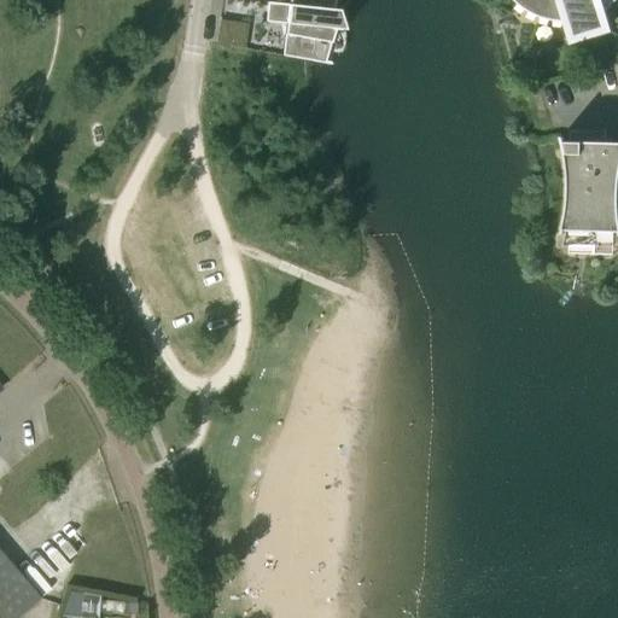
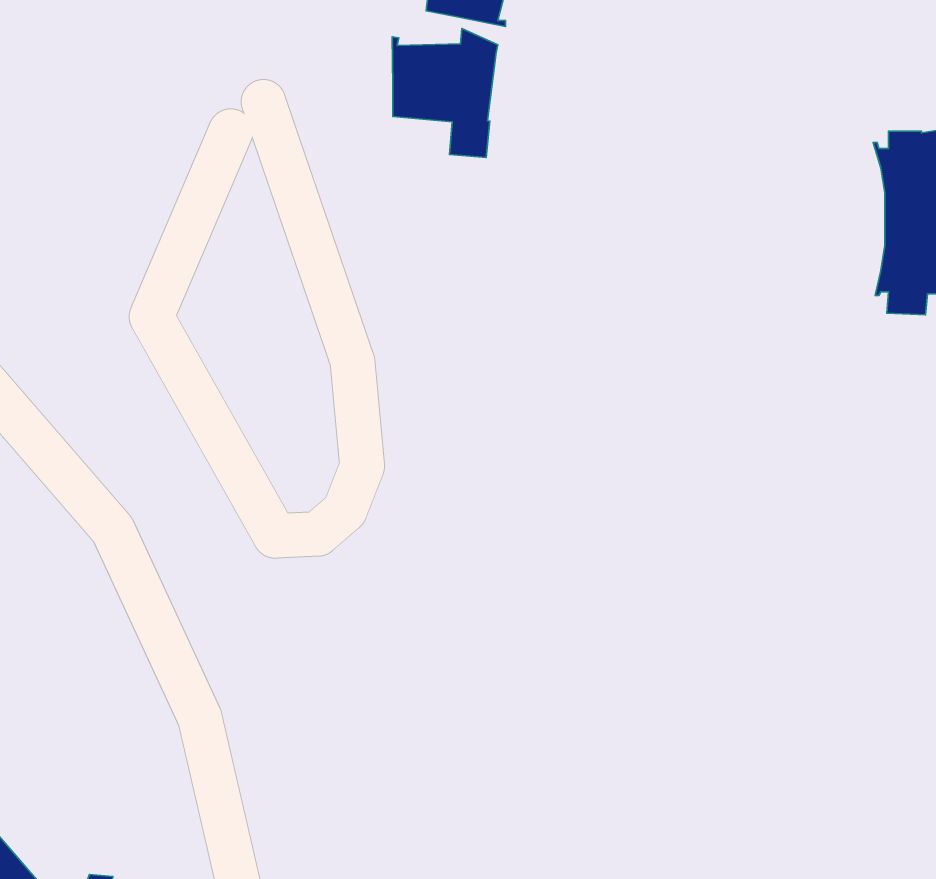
building: none -> [392,28,498,157]

